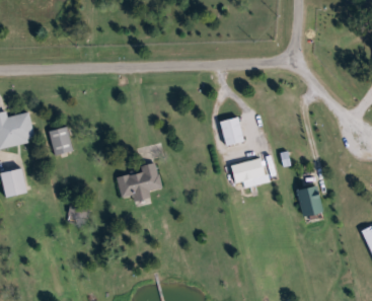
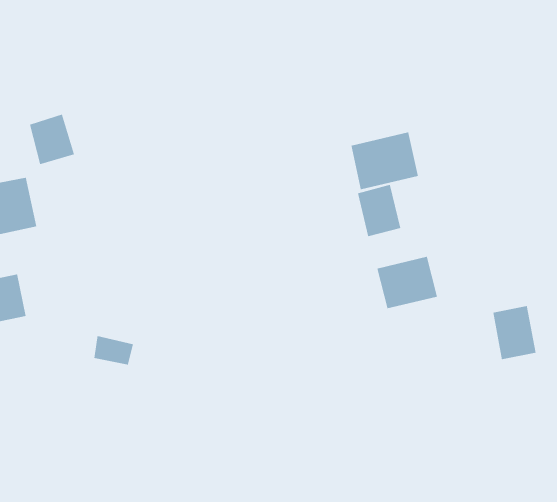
building: none -> [351,131,419,190]
building: [48,127,74,156] -> [29,114,75,165]
building: [117,163,161,203] -> none

